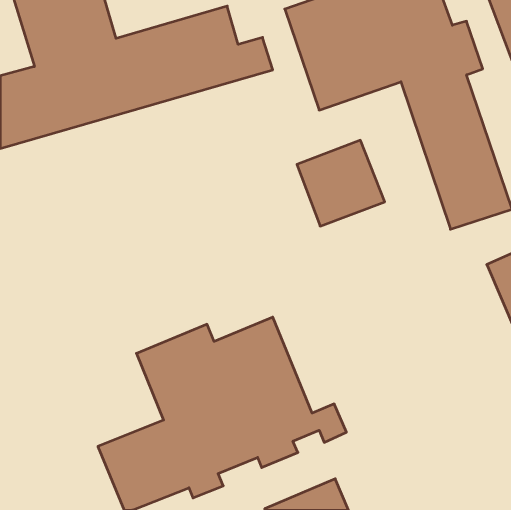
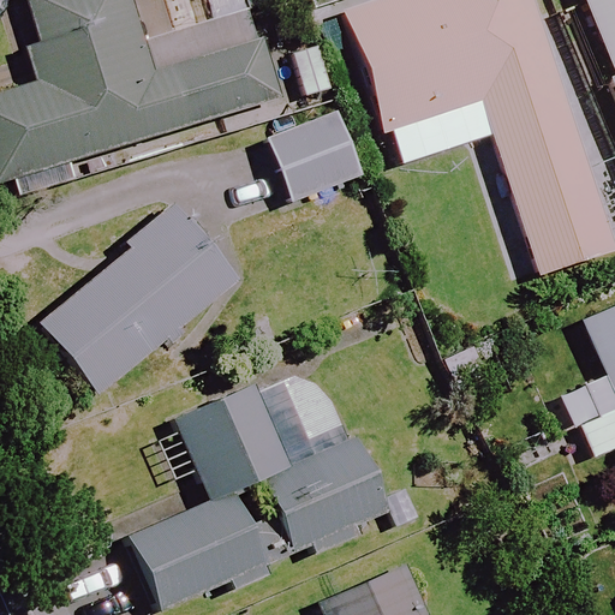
building: [297,140,385,226] -> [265,103,370,205]
building: none -> [37,208,235,395]

